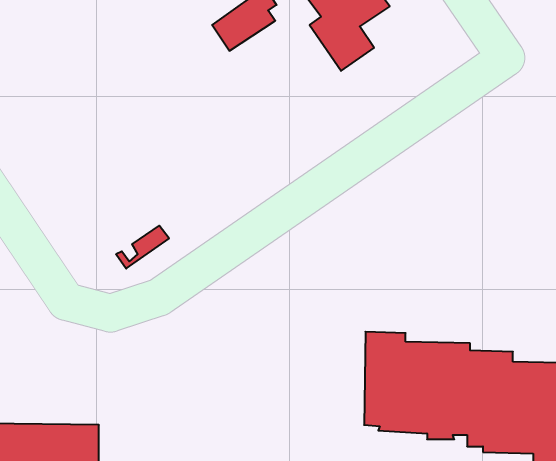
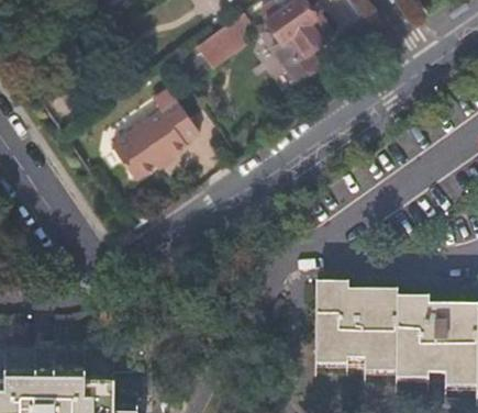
building: none -> [112,90,198,181]

